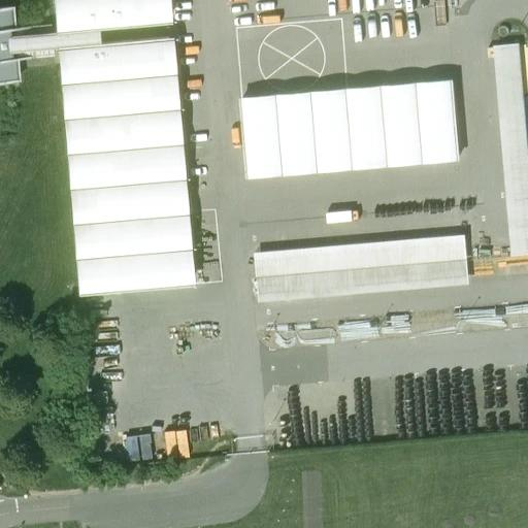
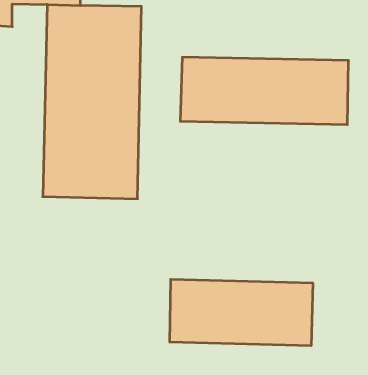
building: [251,235,467,302] -> none
building: none -> [170,279,313,346]

